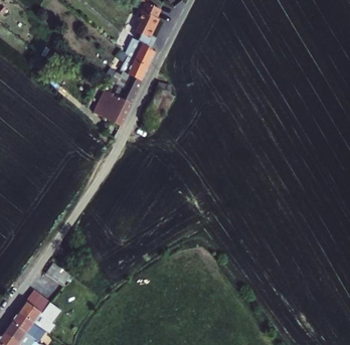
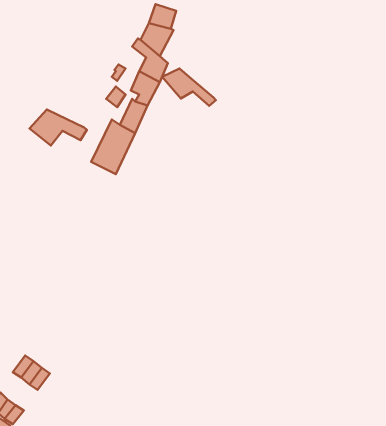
building: none -> [162,68,216,106]
building: none -> [30,109,87,145]

